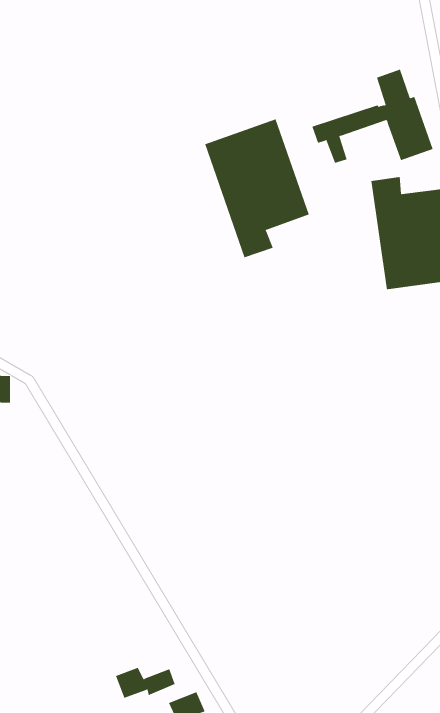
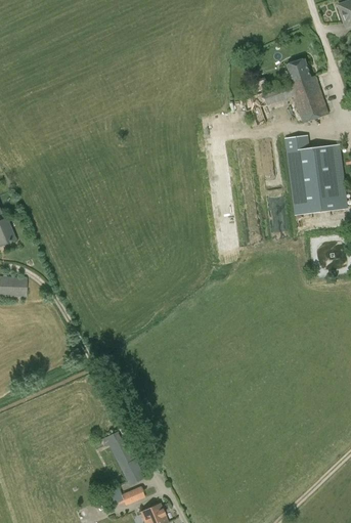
building: [205,119,310,258] -> none
building: none -> [101,431,144,485]

